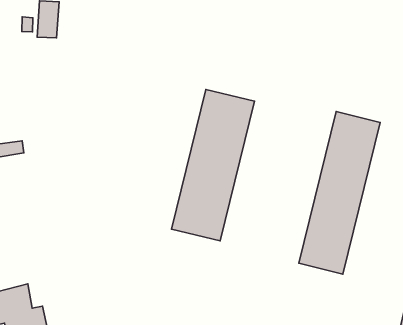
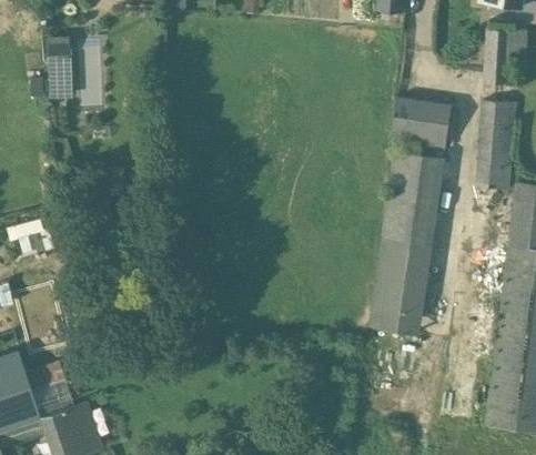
building: none -> [392,97,453,150]
building: [172,90,254,241] -> none

